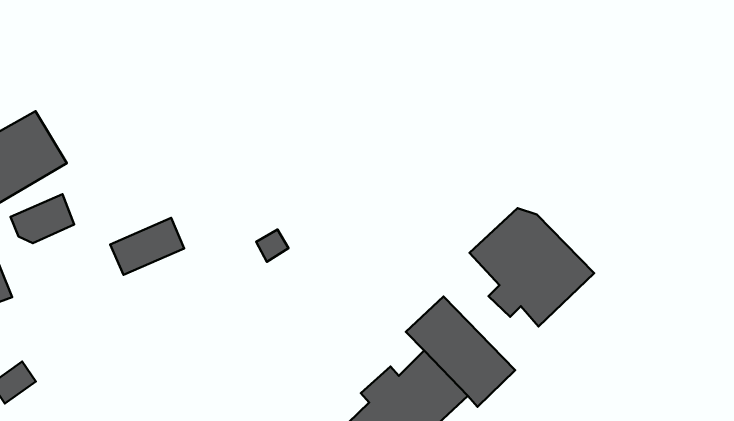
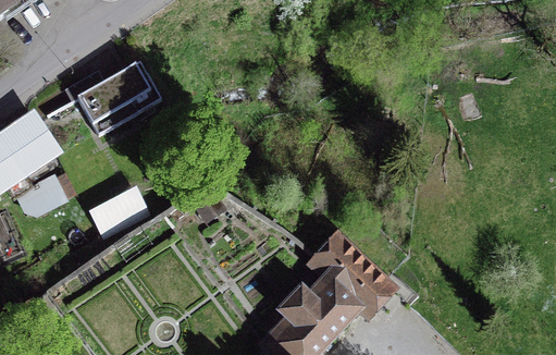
building: none -> [76,64,160,136]
building: [469,208,594,326] -> none

